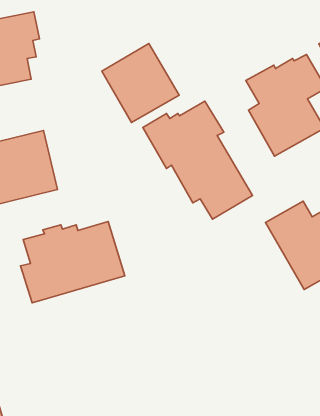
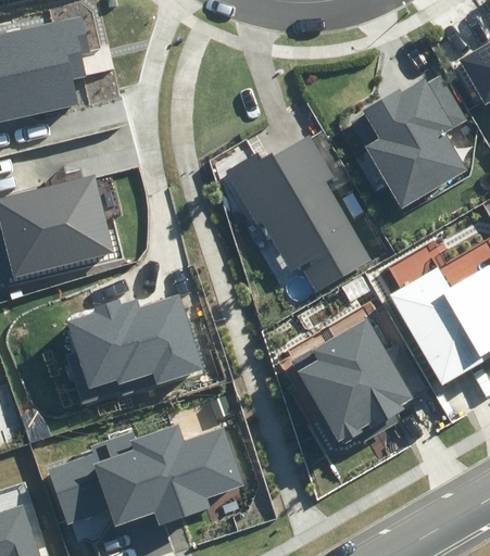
building: [102,44,179,123] -> none
building: none -> [288,317,428,443]
building: none -> [48,425,243,526]

